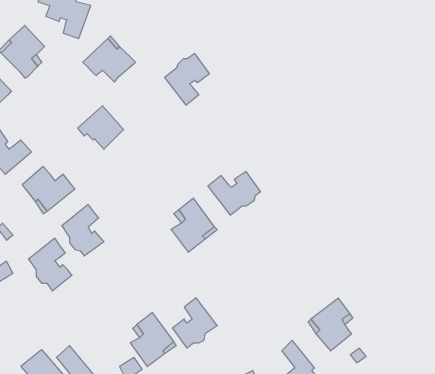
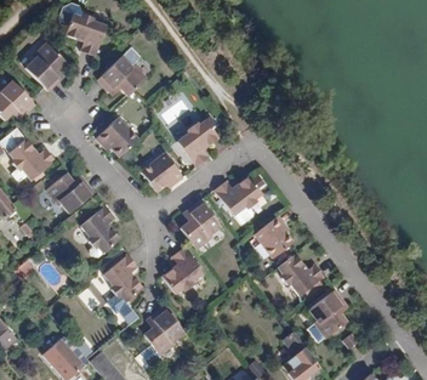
building: [165,54,209,105] -> [177,117,218,164]
building: none -> [142,151,183,187]
building: none -> [255,215,292,257]
building: [28,238,72,291] -> [102,254,142,302]
building: none -> [277,255,324,296]
building: [172,298,217,348] -> [163,248,204,294]

